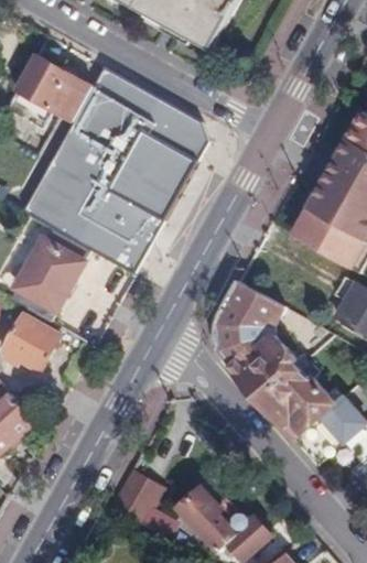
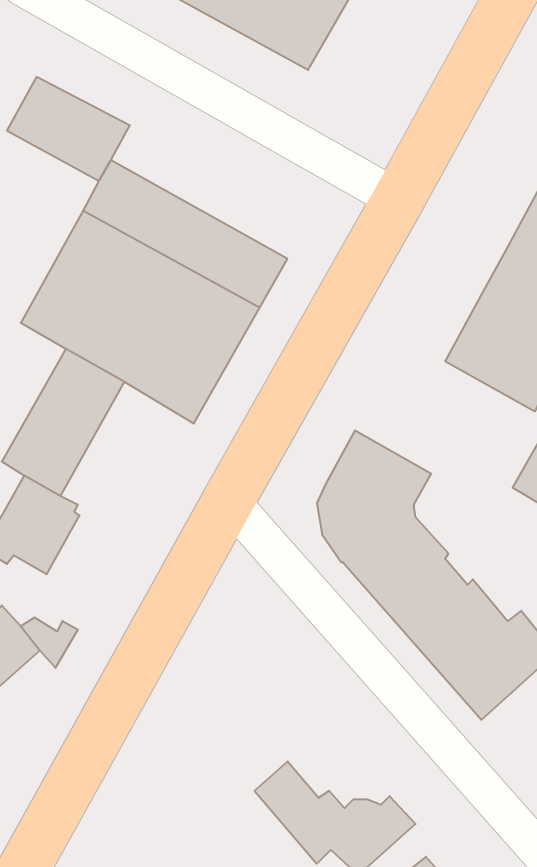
building: [80,67,209,171] -> none
building: [110,468,162,523] -> none

